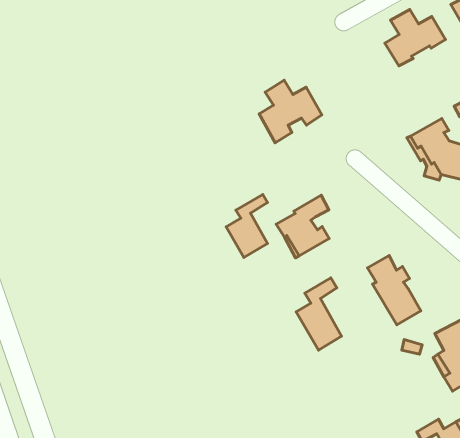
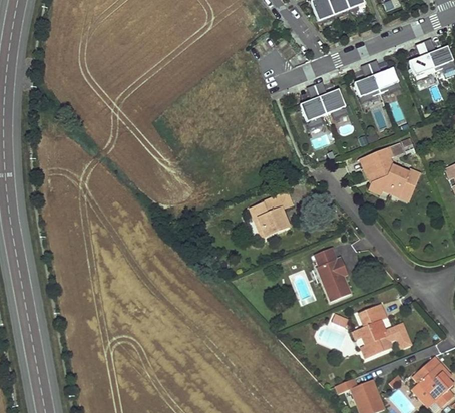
building: [259,80,322,143] -> [300,81,348,128]
building: [226,194,268,258] -> none
building: [296,278,342,350] -> none

